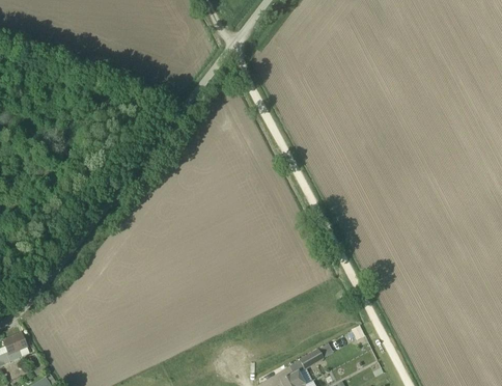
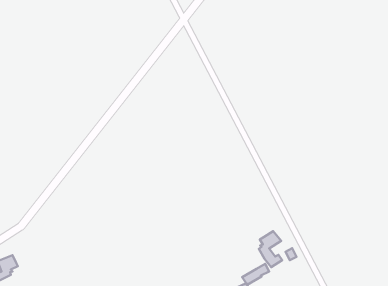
building: none -> [259,231,282,267]

